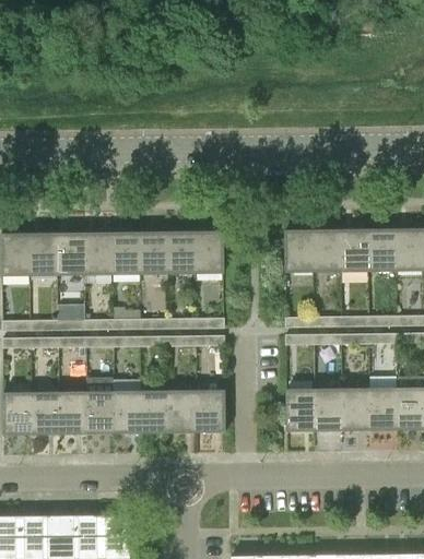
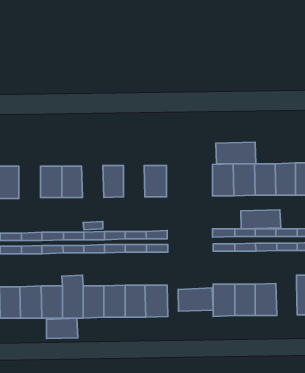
building: none -> [216,142,256,164]
building: [109,231,139,274] -> none
building: [165,231,193,273] -> none
building: [26,233,55,275] -> none
building: none -> [241,210,281,229]
building: [367,388,396,430] -> none
building: none -> [178,288,213,311]
building: none -> [46,318,78,339]

